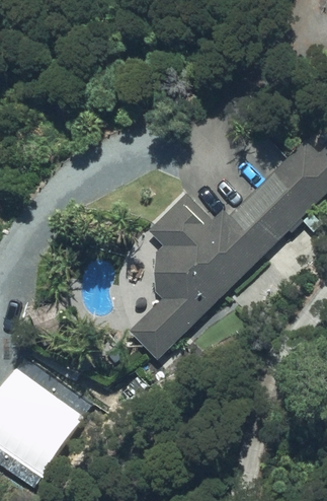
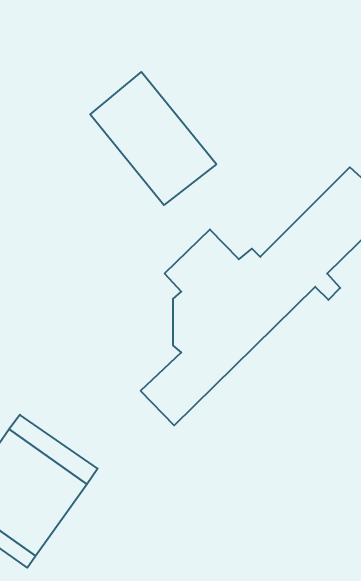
building: none -> [90,72,216,205]

